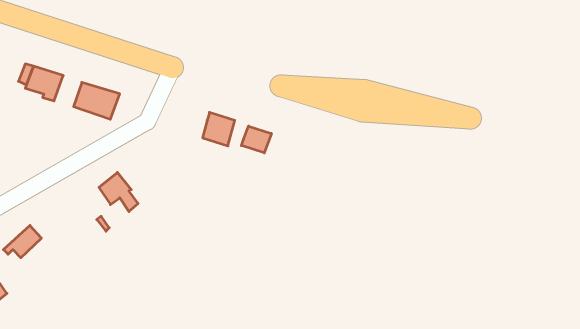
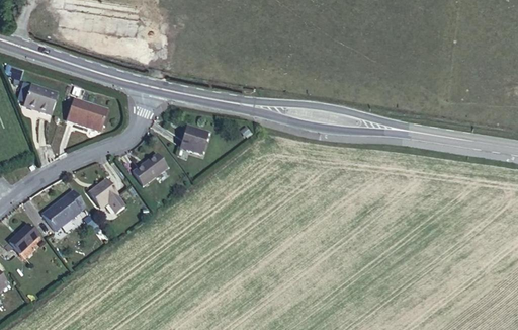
building: [241,126,271,153] -> none
building: none -> [133,153,168,185]
building: none -> [42,194,85,230]

